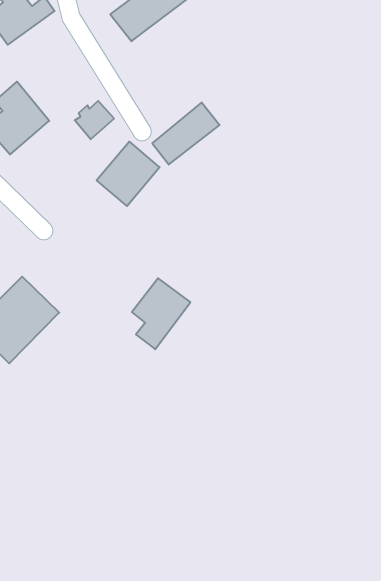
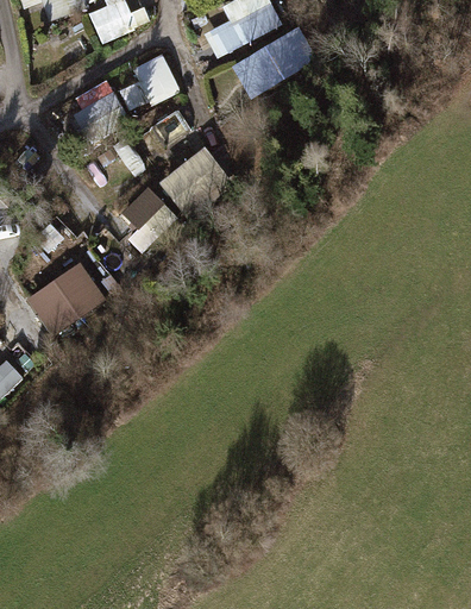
building: none -> [120,54,181,111]
building: [152,103,220,165] -> [233,37,299,89]
building: [132,278,190,349] -> [124,192,180,257]

